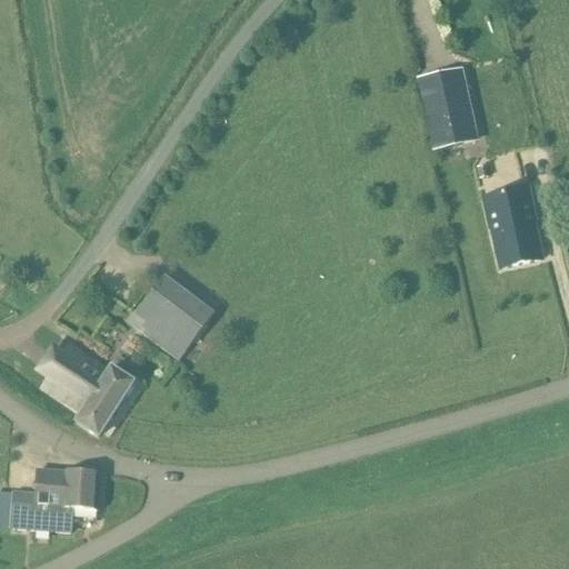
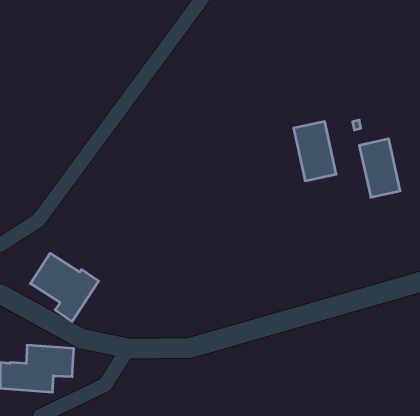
building: [418,66,476,146] -> [294,122,336,181]
building: [127,272,214,359] -> none

